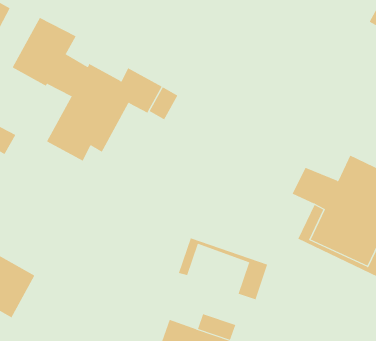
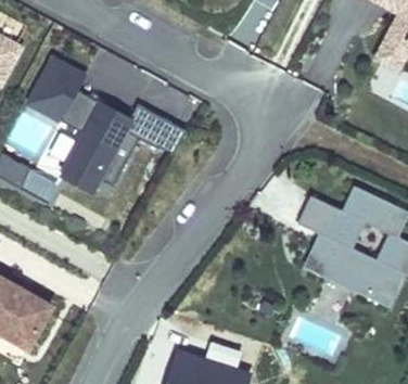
building: [178,237,268,300] -> none

